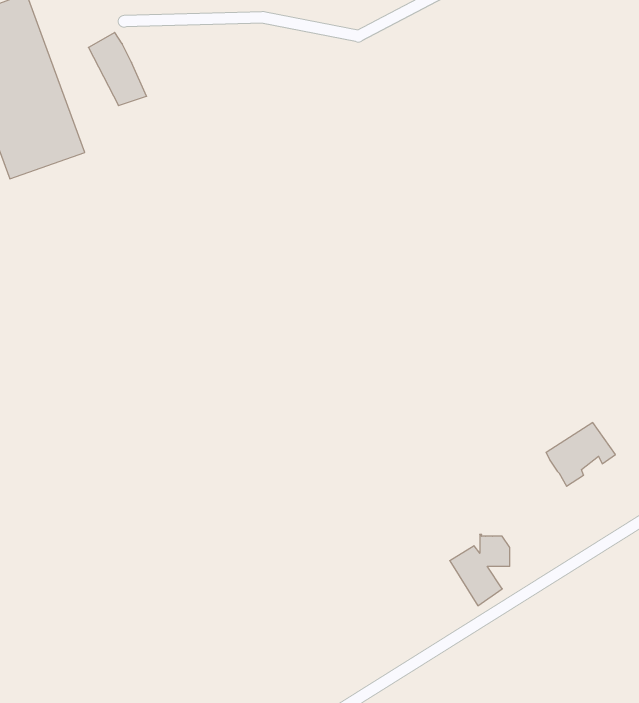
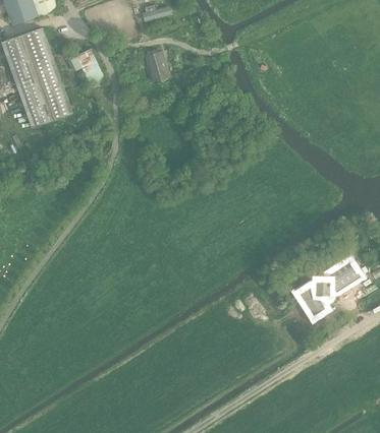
building: none -> [145,50,167,79]
building: [450,534,510,606] -> [296,277,329,316]

